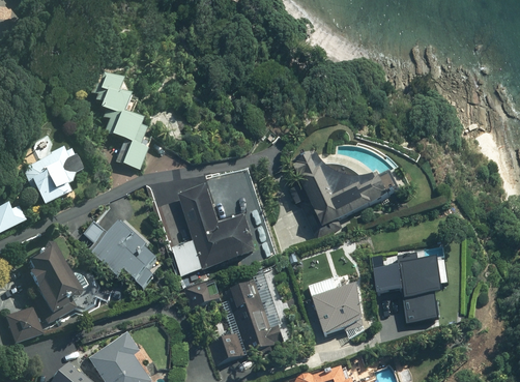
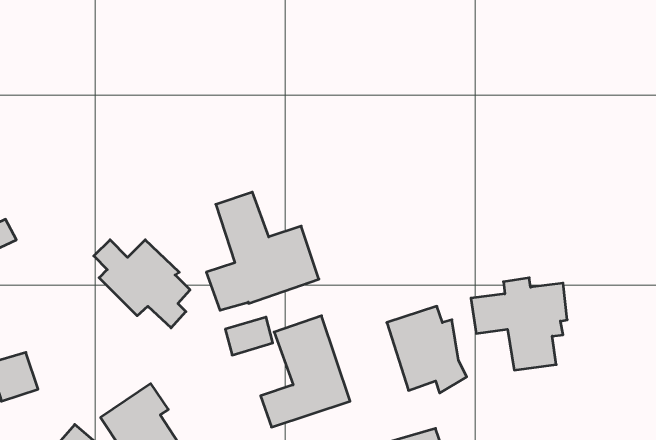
building: [90,76,146,169] -> none
building: [22,148,81,206] -> none
building: [292,150,400,239] -> none
building: [20,243,84,328] -> none

